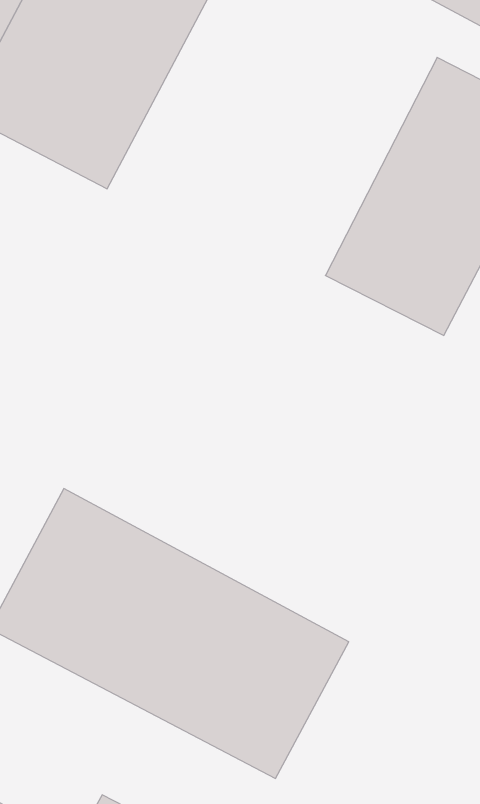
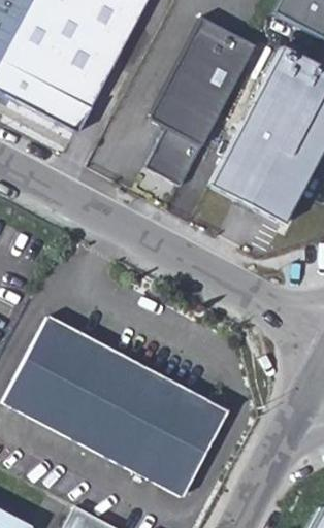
building: none -> [148,19,257,186]

